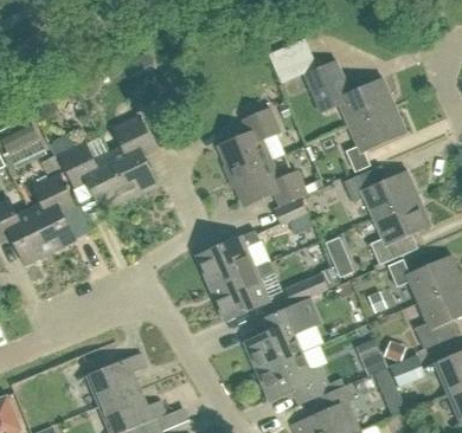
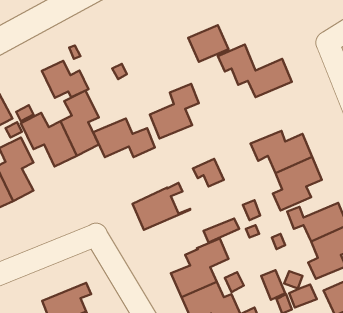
building: none -> [42,61,88,98]
building: [345,105,406,172] -> none
building: [230,159,306,206] -> [93,119,155,157]
building: [211,263,272,319] -> none

